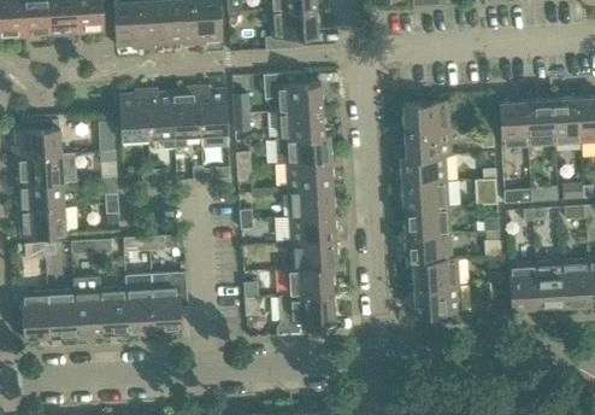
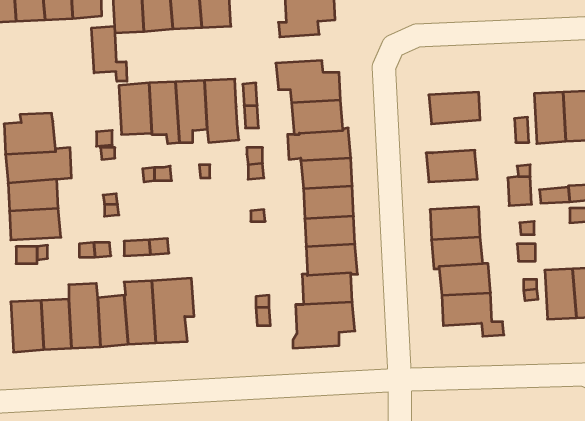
building: none -> [92,26,127,81]
building: [405,127,450,157] -> none
building: [402,181,448,209] -> none

